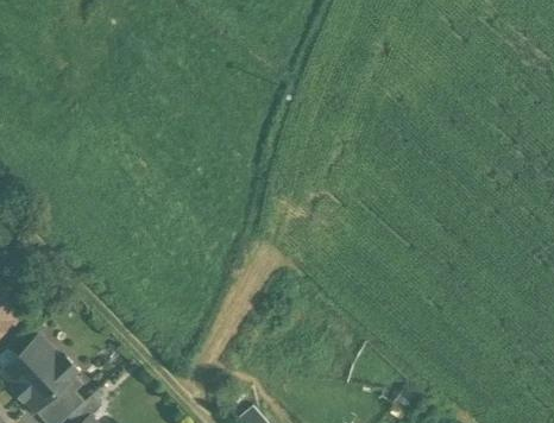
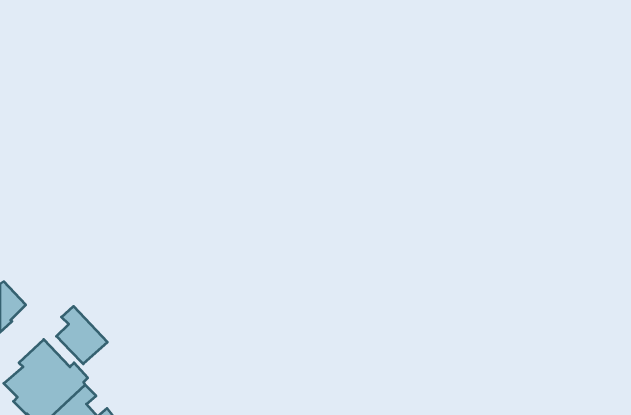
building: none -> [56,306,107,364]

